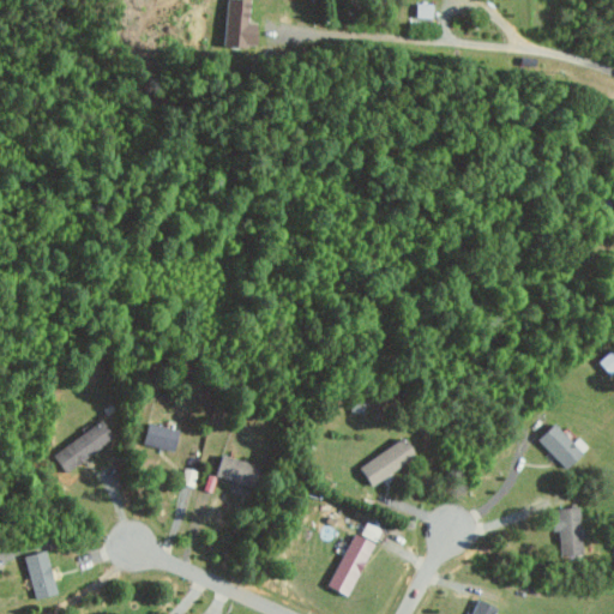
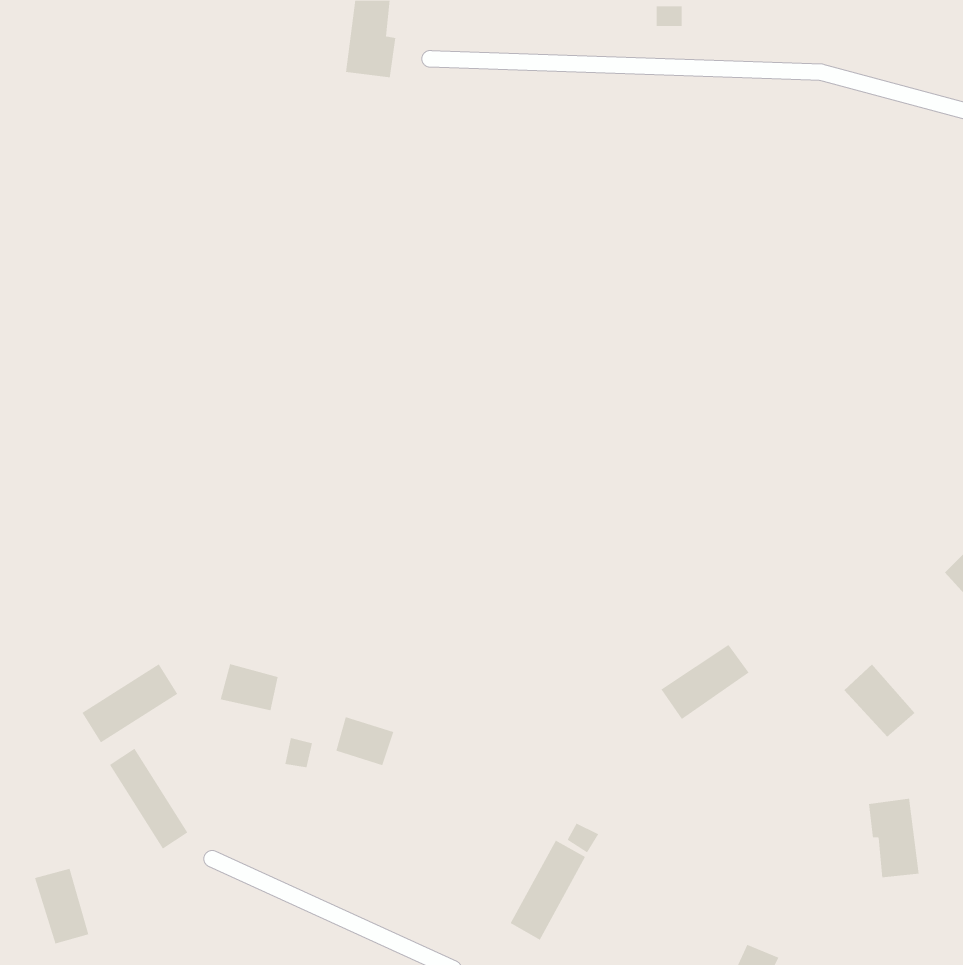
building: [359,439,415,487] -> [661,644,750,720]
building: none -> [109,748,188,850]

